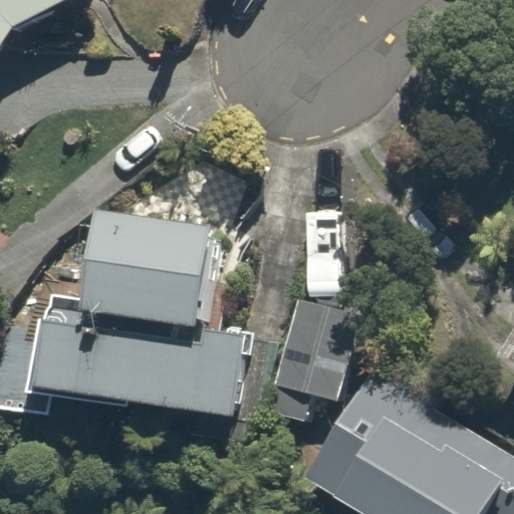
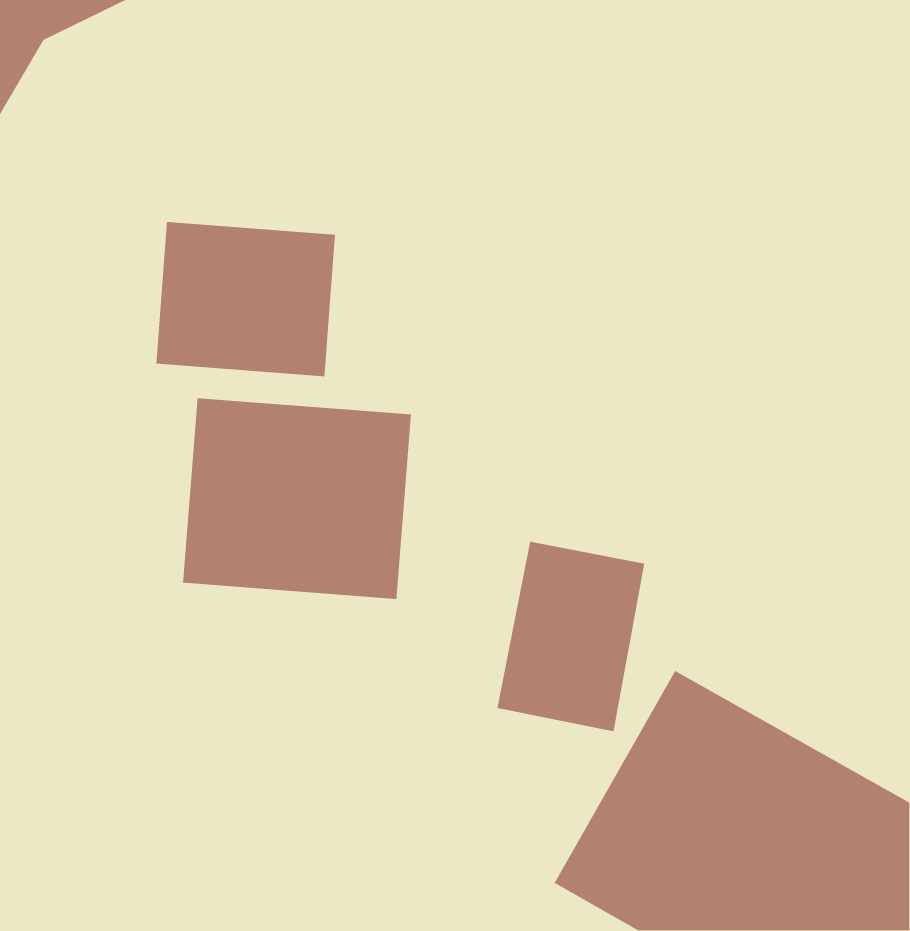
building: none -> [155,221,336,377]
building: [23,316,254,420] -> none

